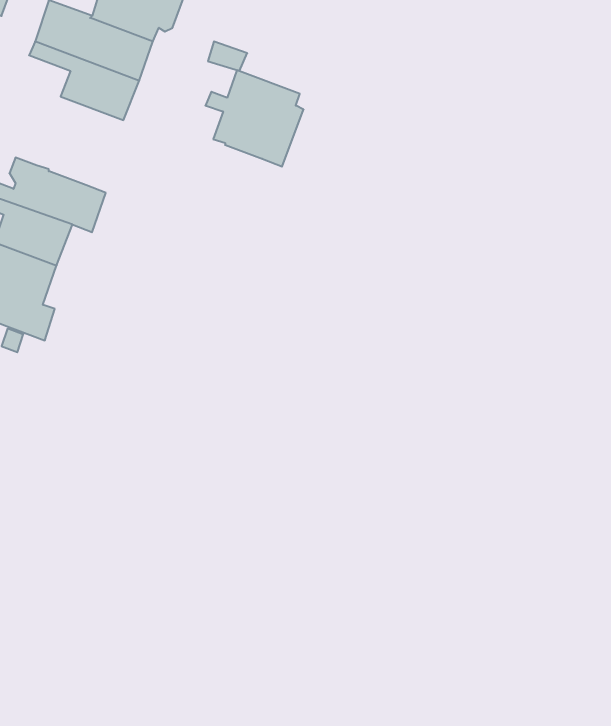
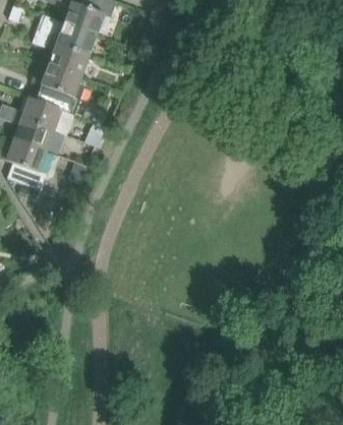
building: [205,70,304,167] -> [32,63,82,113]

